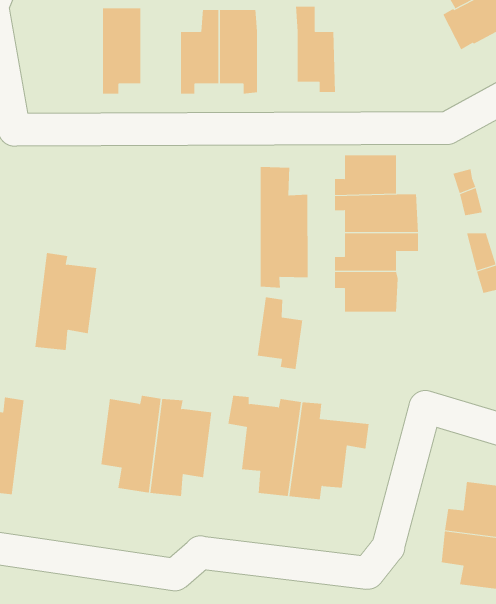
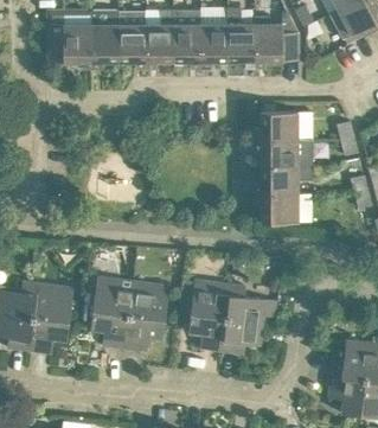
building: none -> [47,8,91,69]
building: none -> [254,15,299,68]
building: none -> [118,25,146,69]
building: none -> [200,25,228,68]
building: [260,166,308,288] -> none
building: [34,252,97,351] -> [28,283,72,352]
building: [257,297,303,370] -> none

